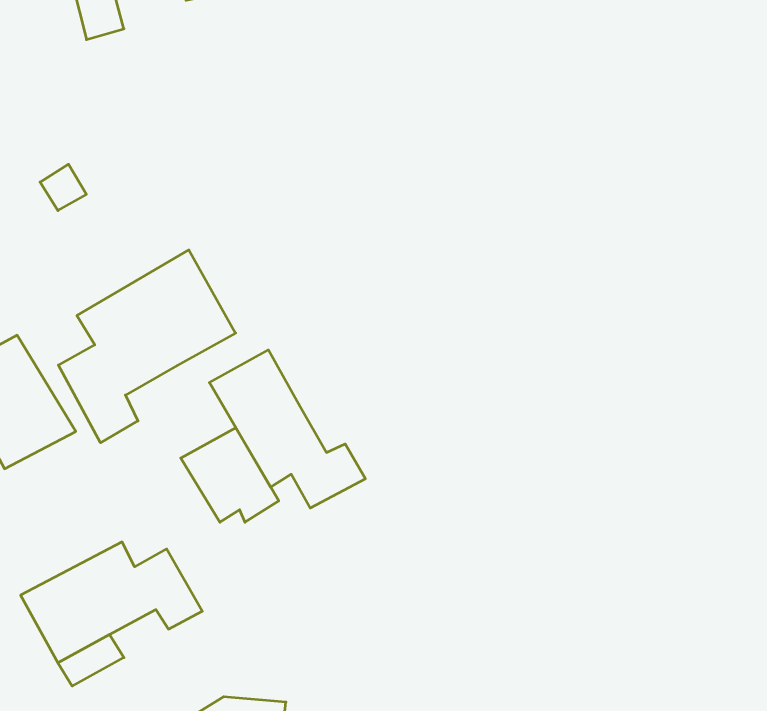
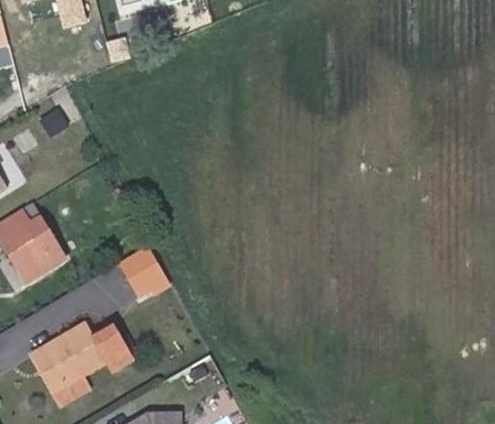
building: [58,250,236,443] -> none
building: [209,350,365,508] -> none

